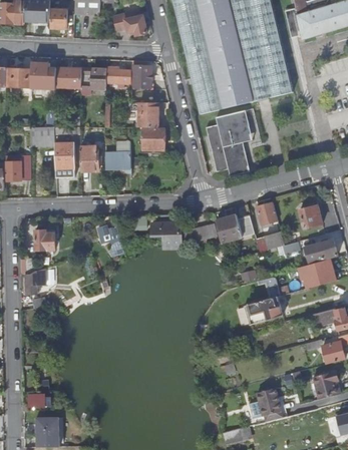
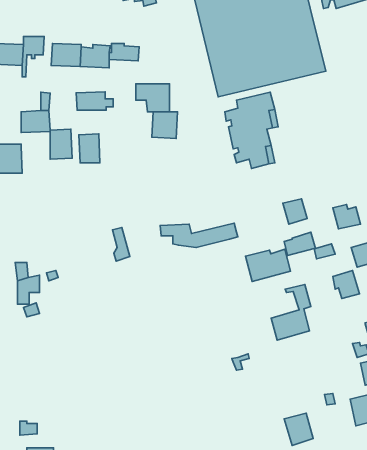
building: [132,66,150,88] -> none
building: [104,151,136,167] -> [76,92,113,110]
building: [215,214,254,243] -> [245,249,291,282]
building: [33,230,54,250] -> none

